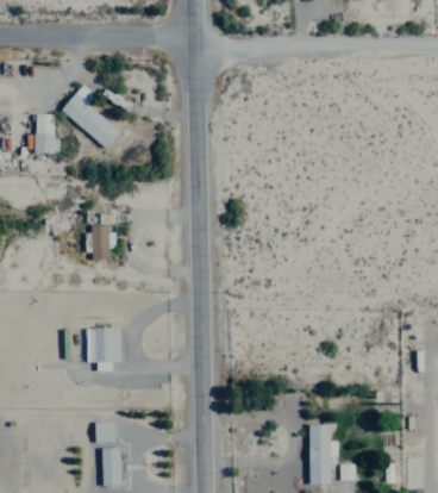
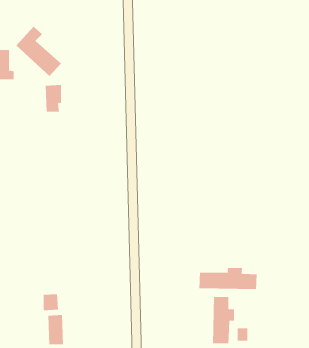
building: [93,224,114,258] -> [45,85,62,112]
building: [88,326,123,369] -> none
building: none -> [199,267,257,290]

